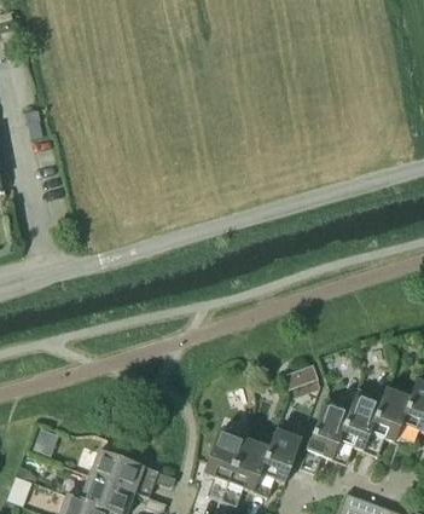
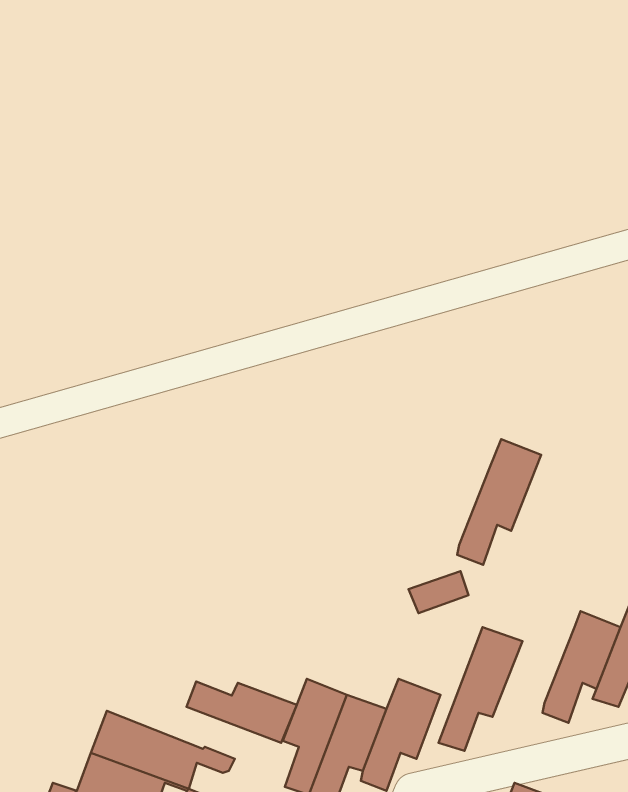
building: [331,389,382,466] -> [457,439,541,565]
building: none -> [187,682,297,743]

